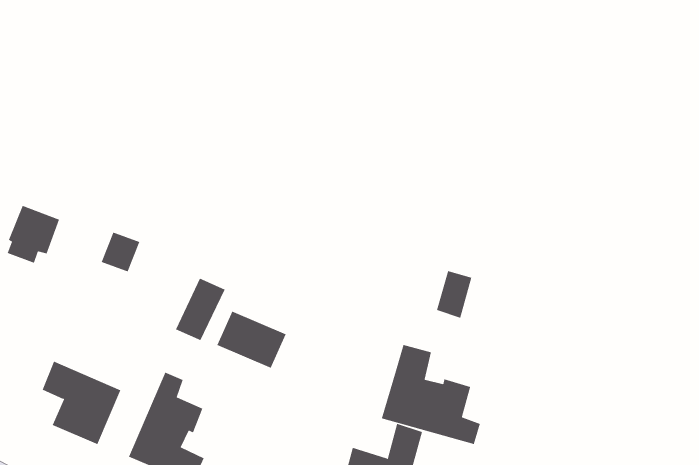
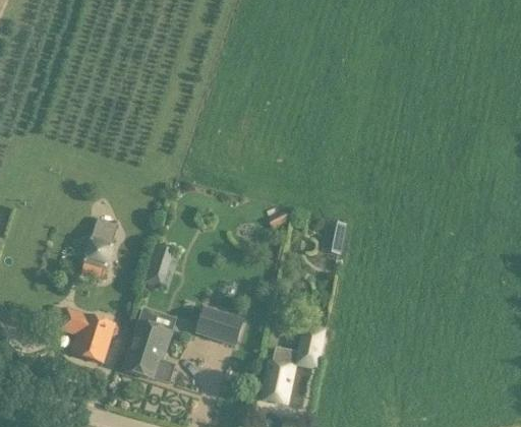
building: [7,205,60,263] -> [80,239,114,278]
building: [216,311,286,369] -> [196,309,243,346]
building: [381,344,481,445] -> none

